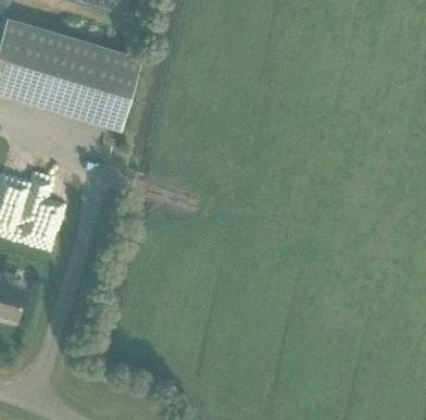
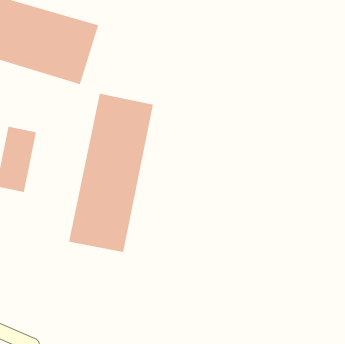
building: none -> [68,93,154,253]

